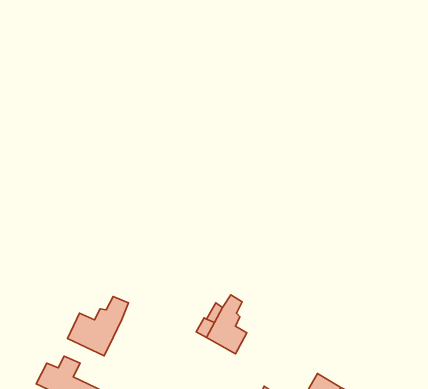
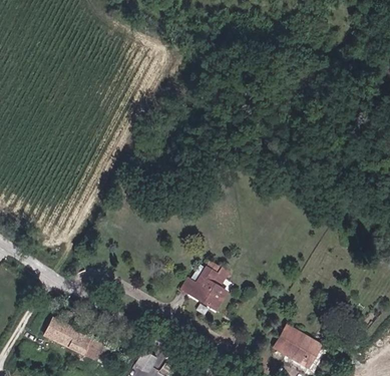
building: [68,296,128,356] -> none

